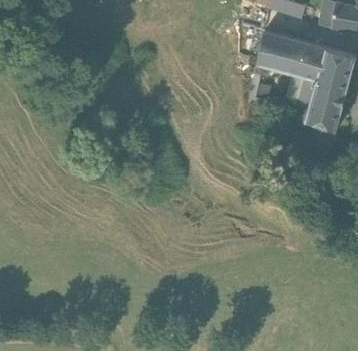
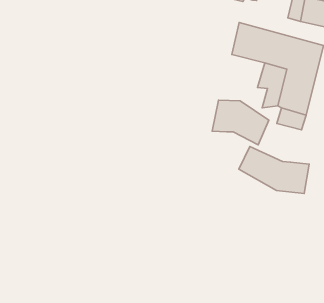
building: none -> [212,100,269,145]
building: none -> [239,147,309,193]

